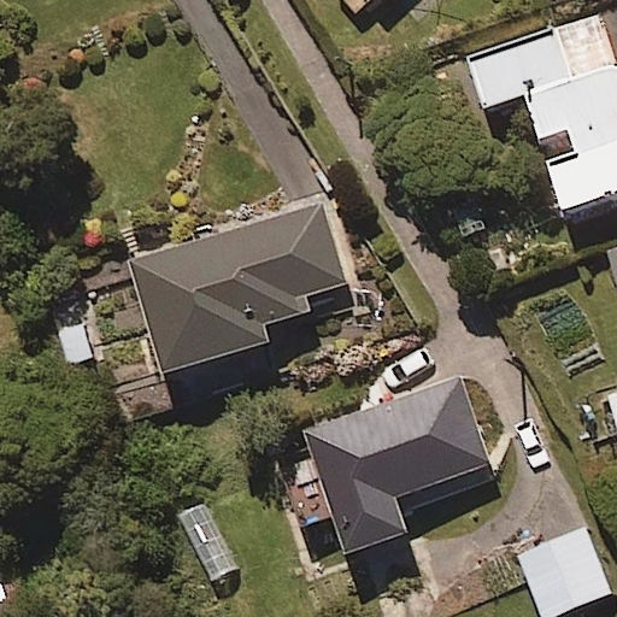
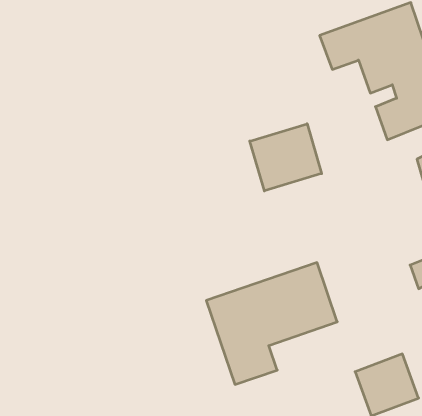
building: none -> [250,124,322,191]
building: [130,199,346,366] -> none

